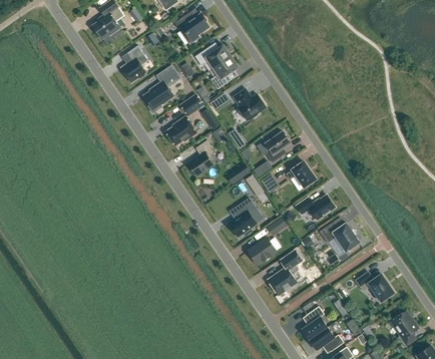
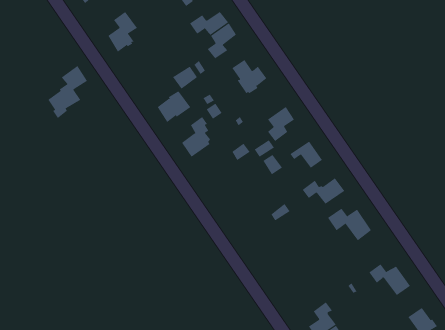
building: [143,64,179,112] -> [48,65,88,119]
building: [229,210,256,236] -> none
building: [248,237,276,264] -> none
building: [268,250,301,294] -> none

